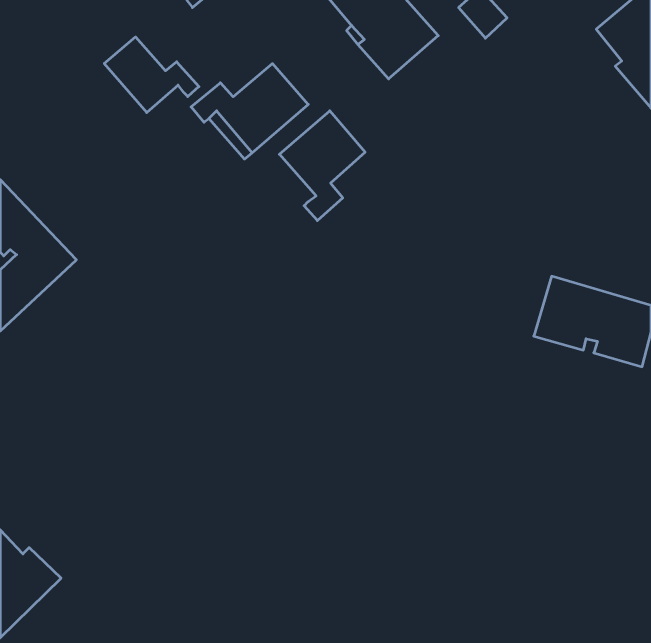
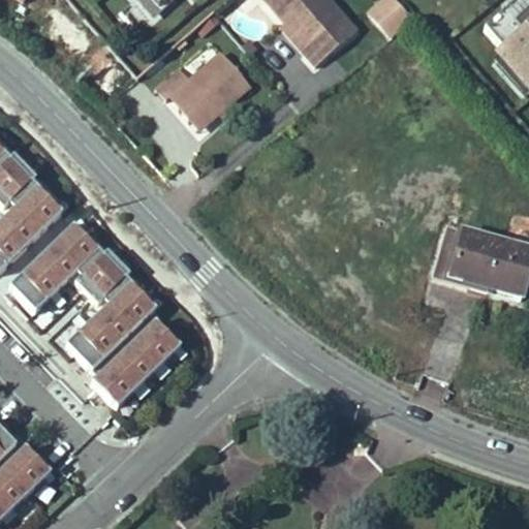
building: [104,37,199,113] -> none
building: [279,111,365,221] -> none
building: none -> [8,221,180,406]

